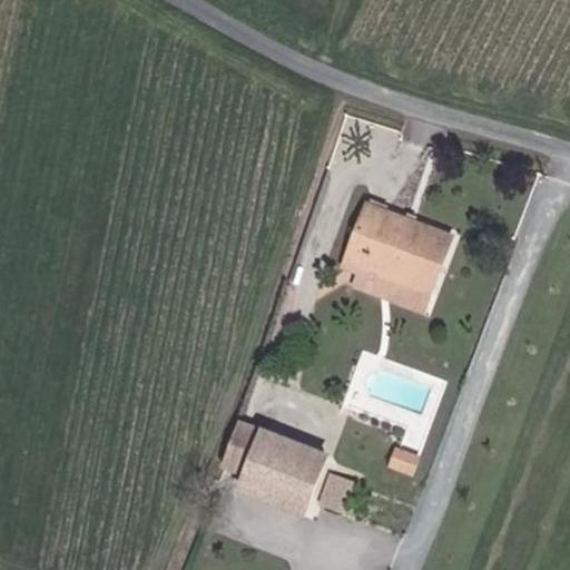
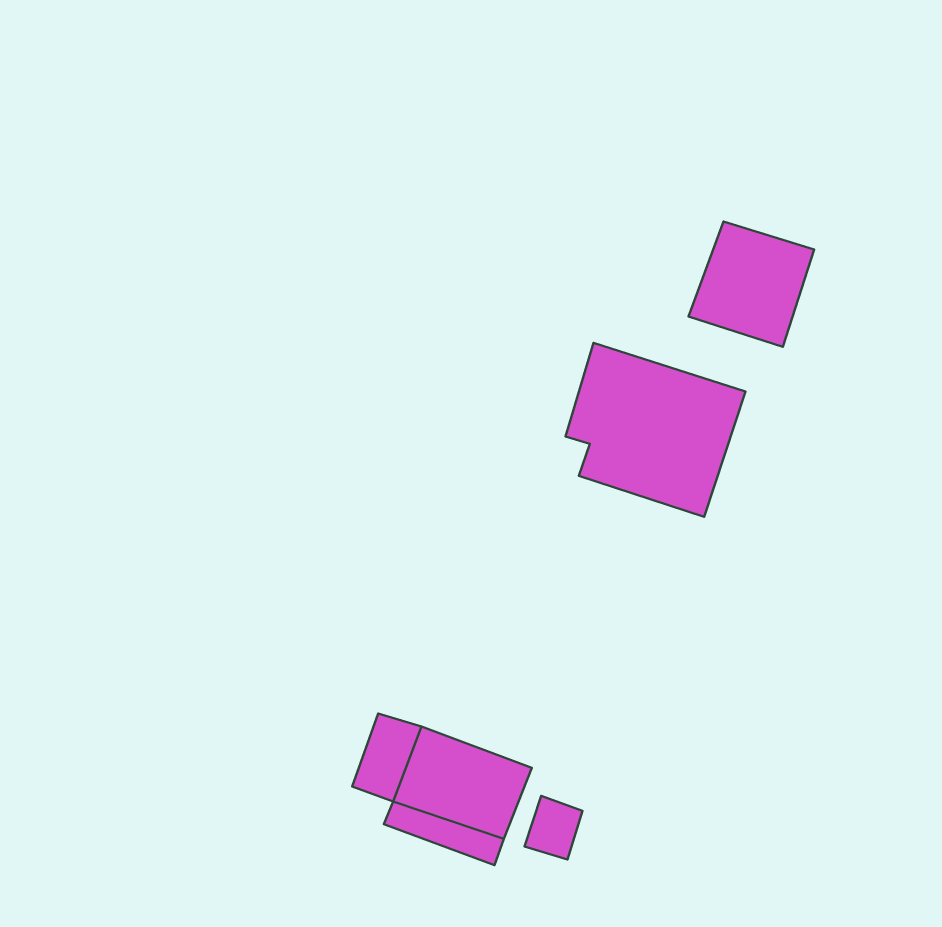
building: none -> [688,222,814,347]

